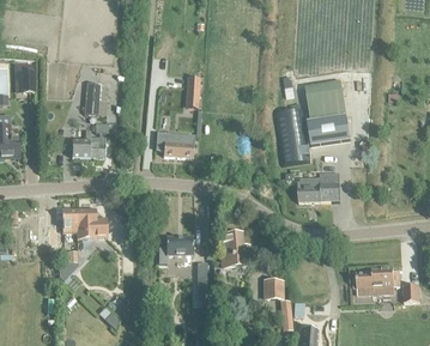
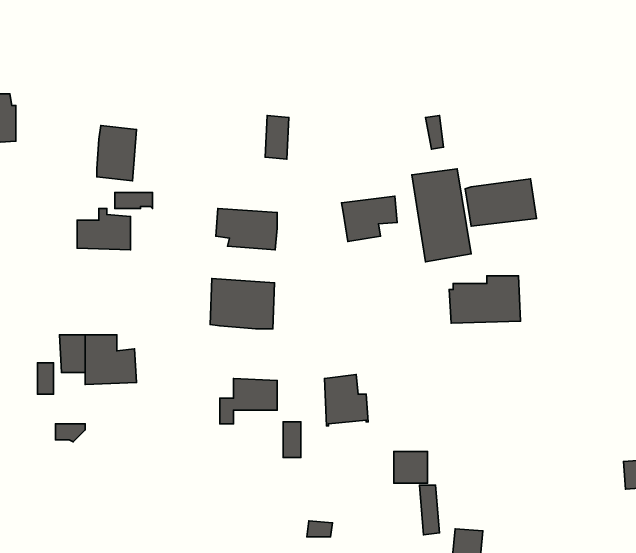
building: [305,80,346,120] -> none
building: none -> [342,196,397,242]
building: none -> [210,278,275,329]
building: [353,268,401,293] -> none

